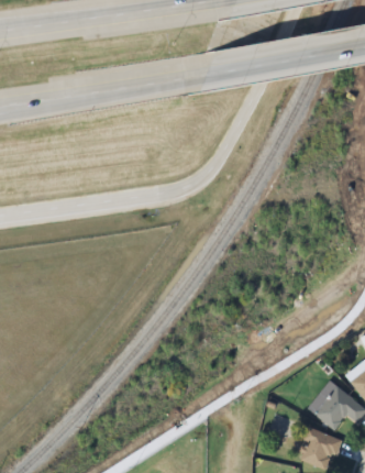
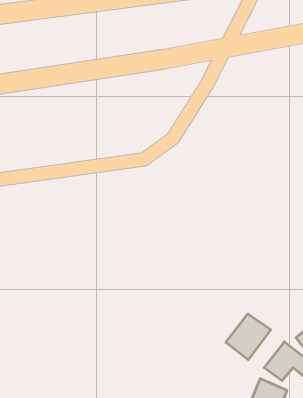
building: none -> [226,314,271,360]

